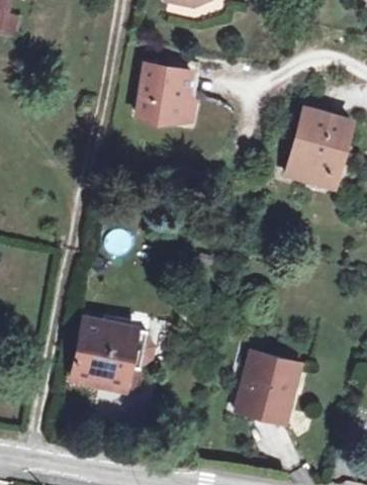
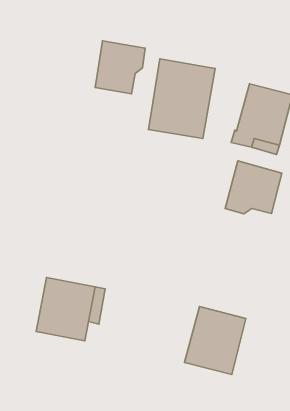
building: none -> [148,59,215,139]
building: none -> [225,161,282,214]

